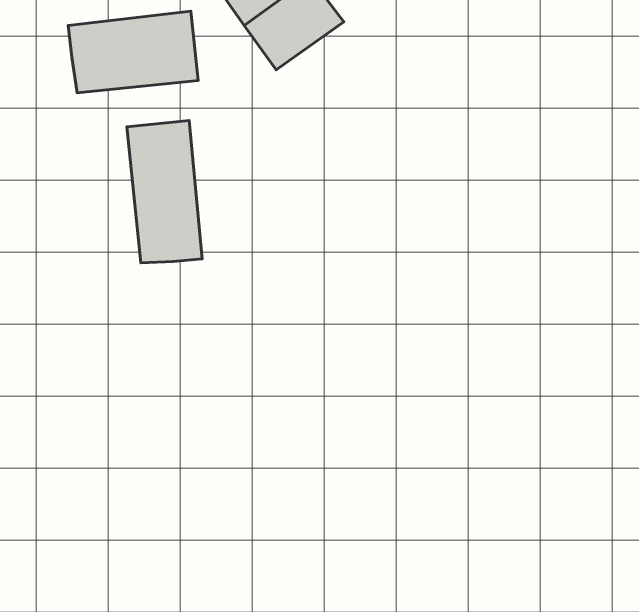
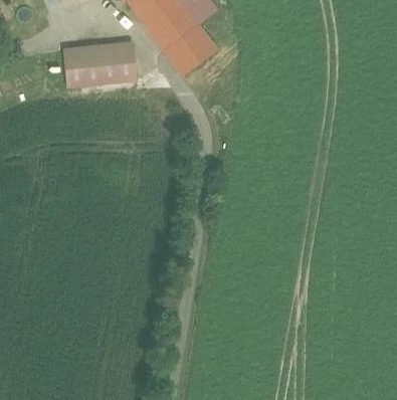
building: [127,120,202,263] -> none

